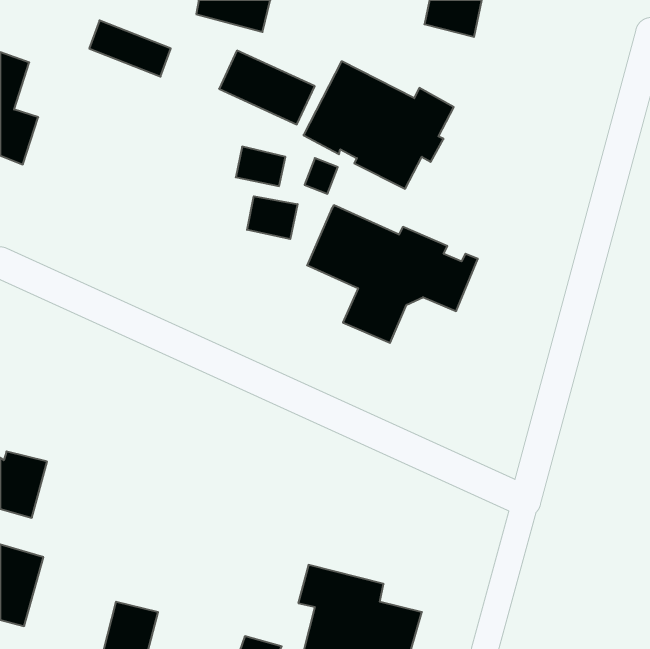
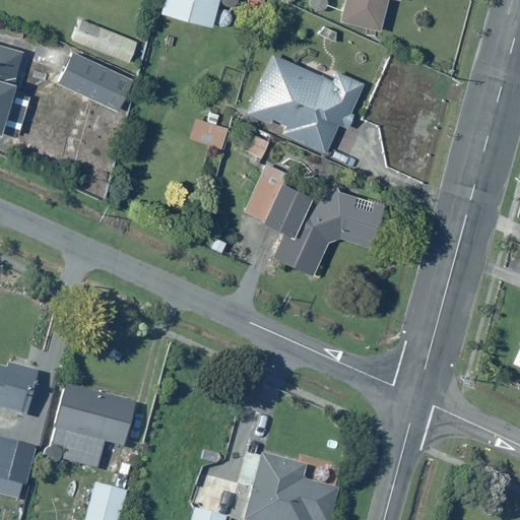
building: [219,51,315,124] -> [56,52,132,111]
building: [247,196,298,239] -> none
building: none -> [51,384,132,469]

